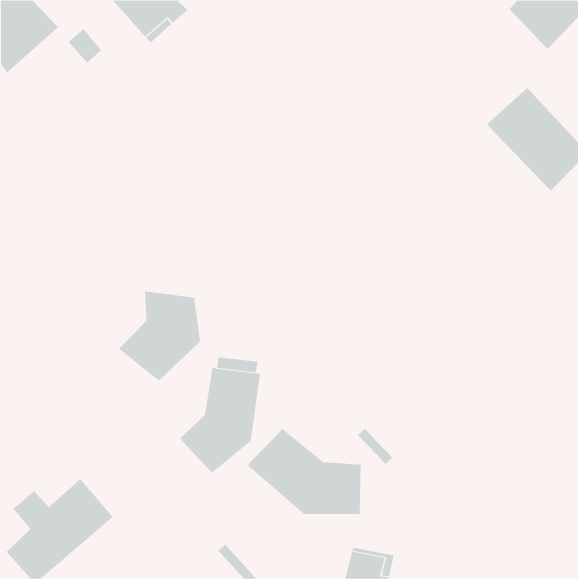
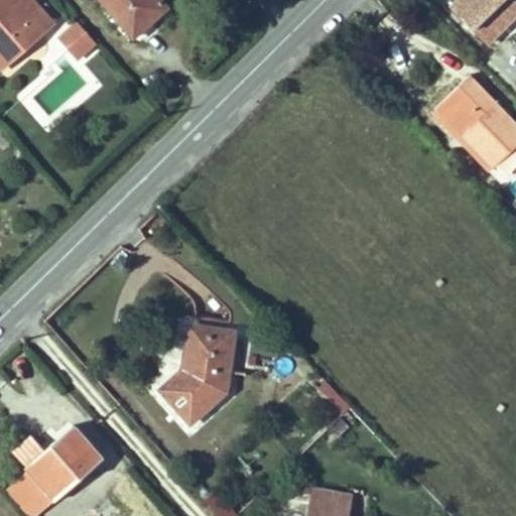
building: [118,291,201,381] -> none
building: [247,428,361,515] -> none

